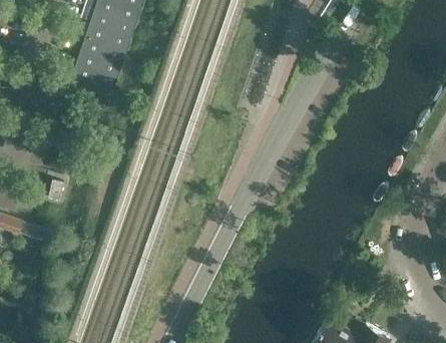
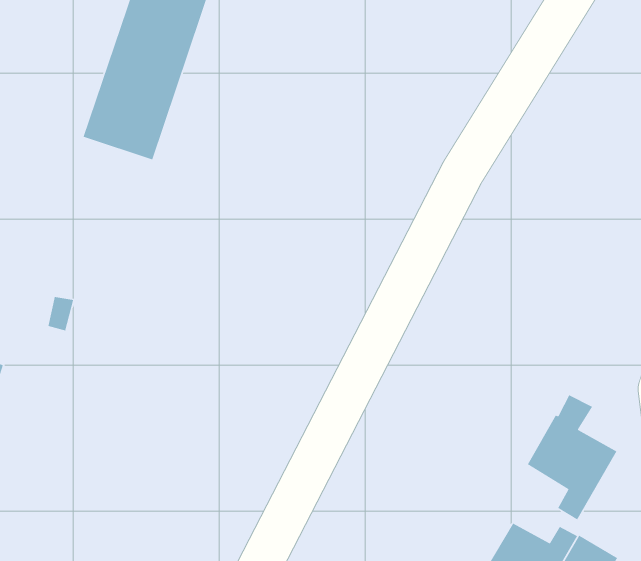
building: none -> [527,394,618,521]

